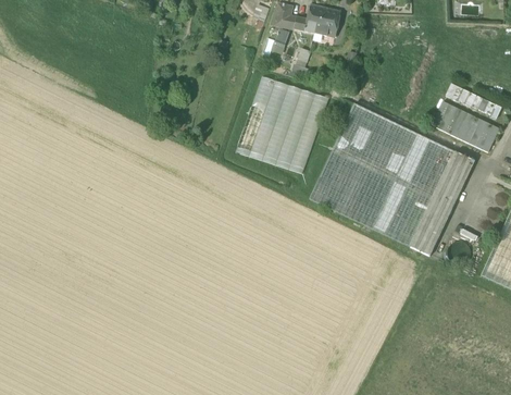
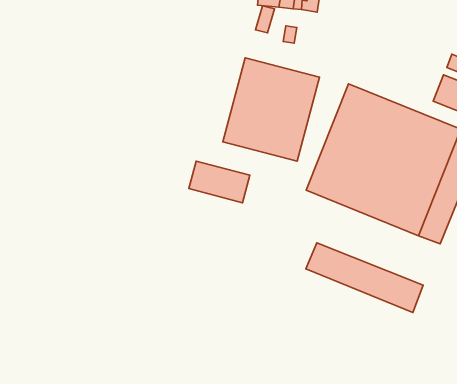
building: none -> [189,161,250,203]
building: none -> [306,243,423,312]

